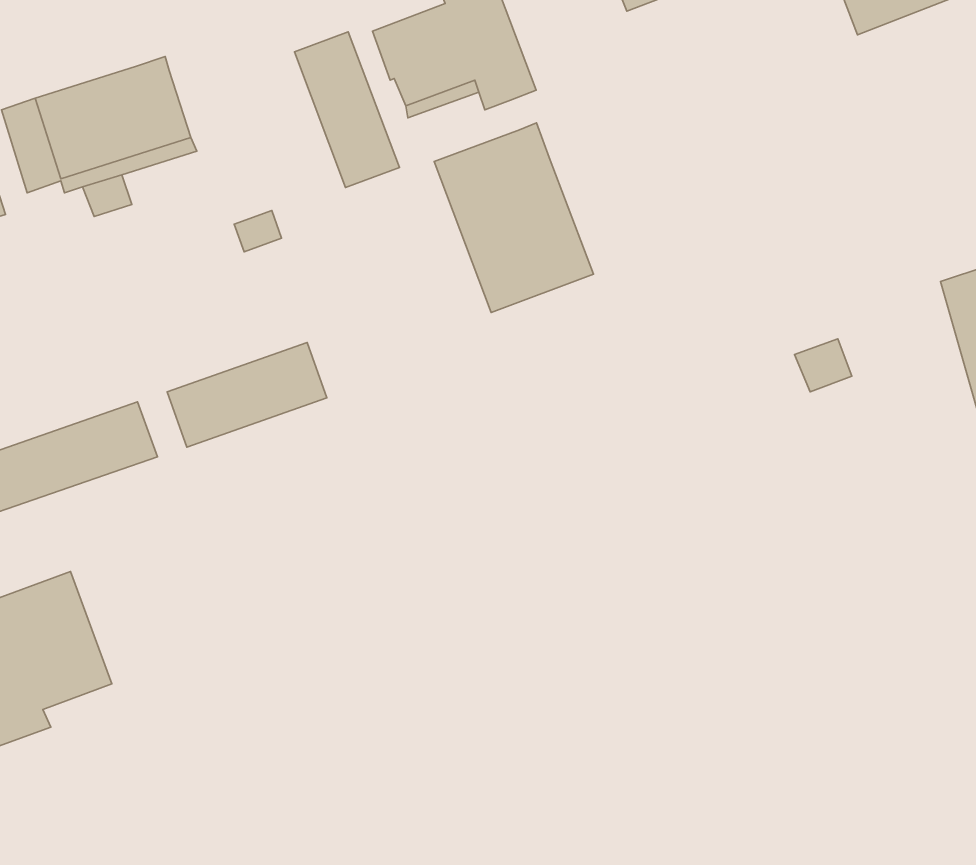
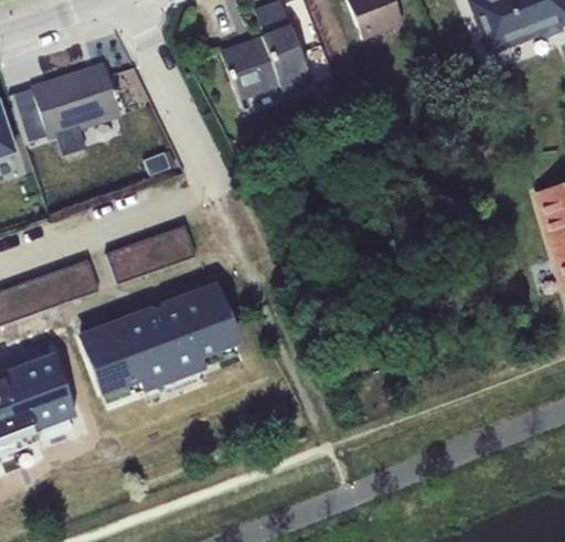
building: [294,32,399,188] -> none
building: [434,123,593,313] -> none
building: none -> [81,285,236,392]

